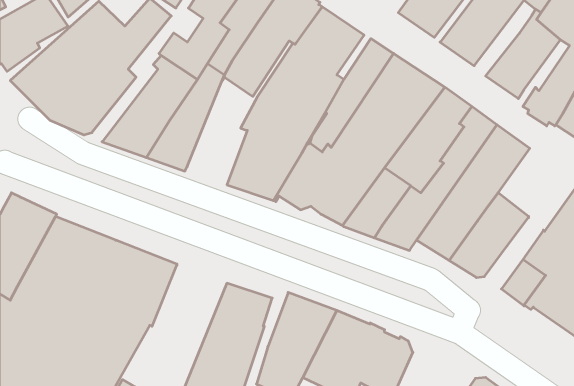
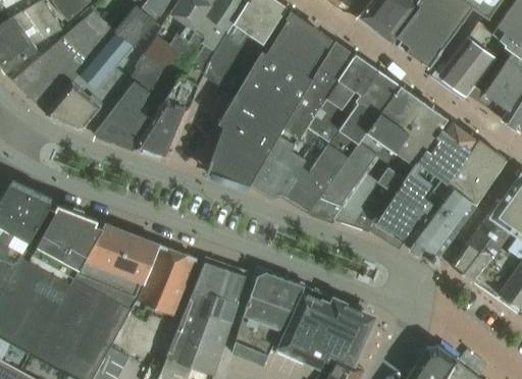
building: none -> [449,141,505,202]
building: none -> [138,246,196,316]

